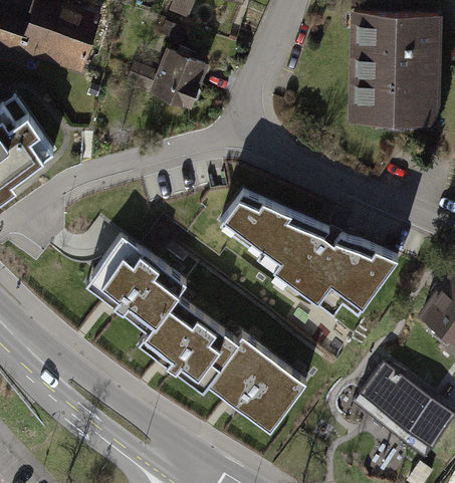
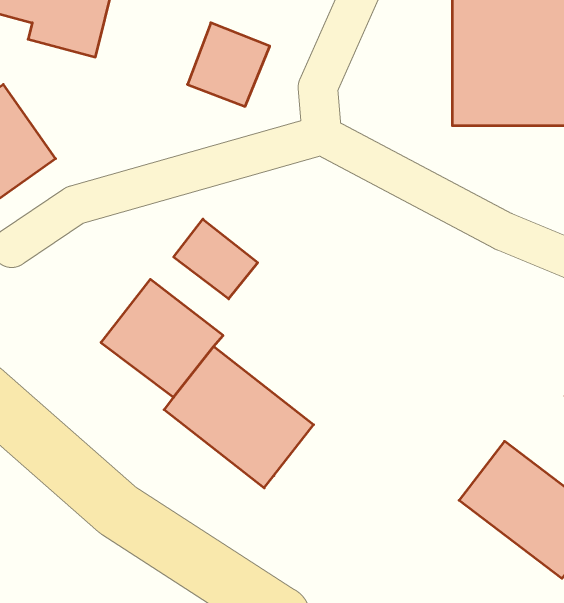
building: [219,183,400,308] -> none
building: none -> [174,219,258,299]
building: [211,341,308,431] -> none

